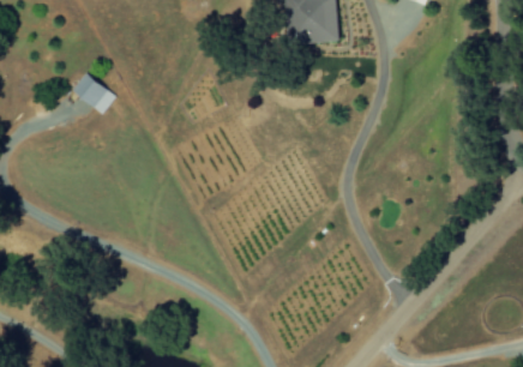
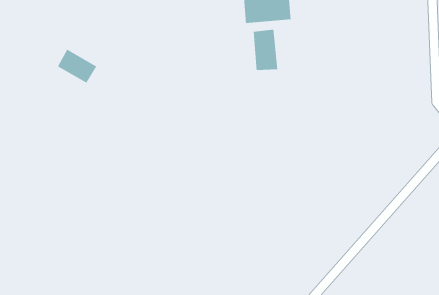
building: none -> [253,29,278,71]

